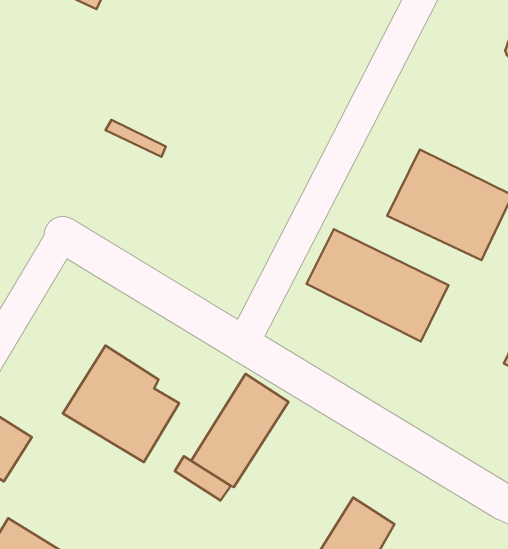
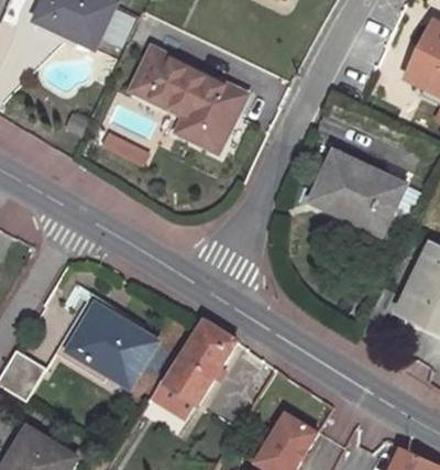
building: none -> [130,47,245,151]
building: [306,229,448,341] -> none

